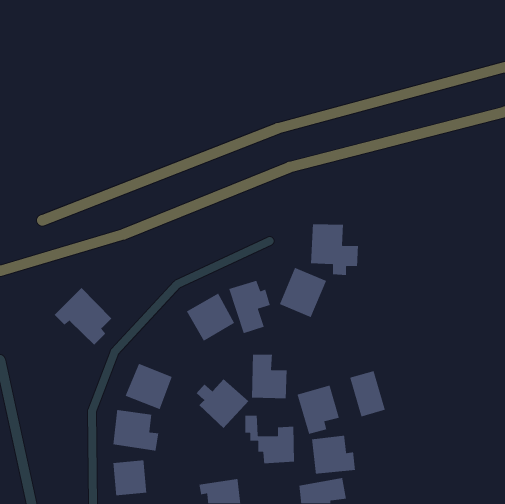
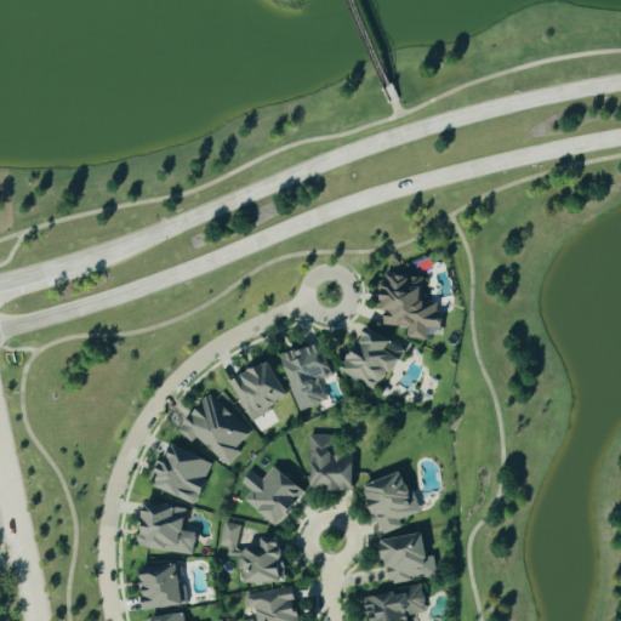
building: [54,287,112,345] -> [176,394,247,466]
building: [349,370,386,417] -> none
building: [245,415,295,464] -> [221,523,283,583]

